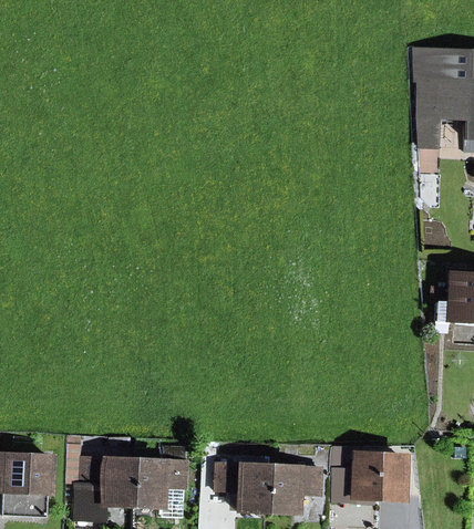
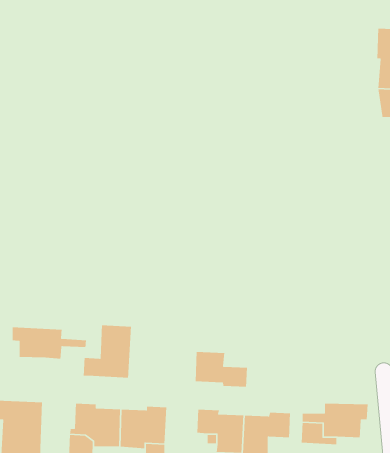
building: none -> [83,325,132,379]
building: none -> [12,327,87,359]
building: none -> [195,351,248,387]

